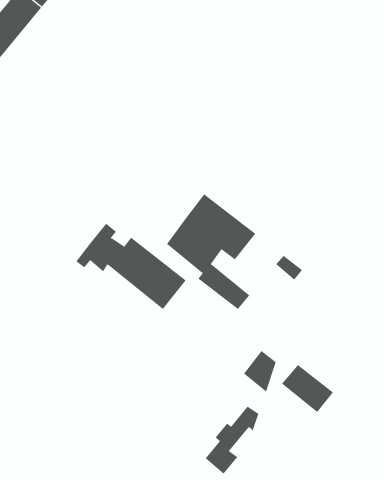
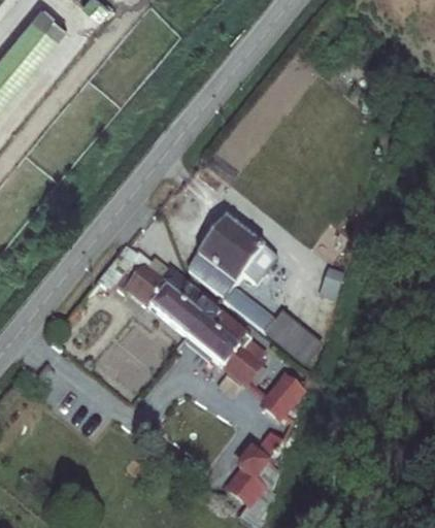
building: none -> [183,301,268,384]
building: [281,364,334,413] -> [260,311,313,361]

